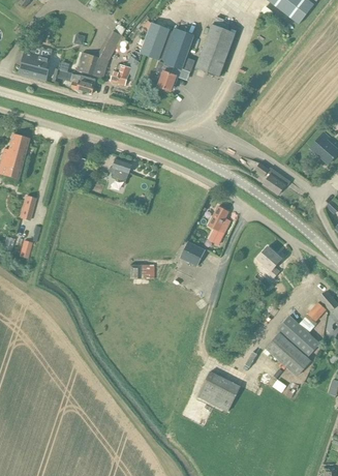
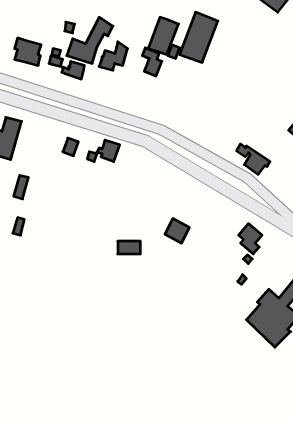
building: [140,23,170,60] -> none
building: [208,205,229,243] -> none
building: [198,369,242,412] -> none

